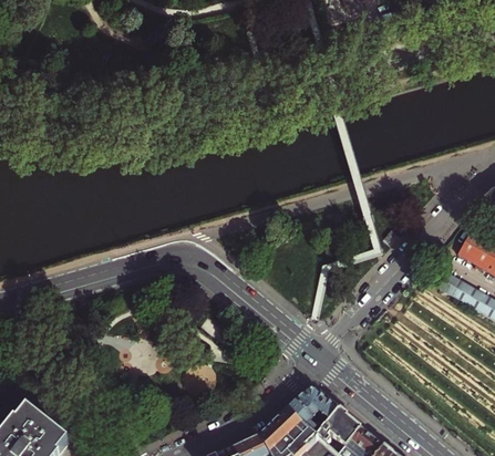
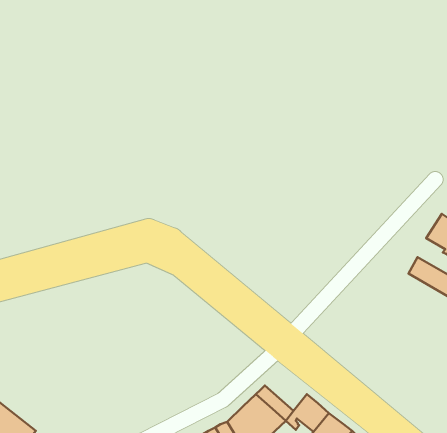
building: [296,387,338,423] -> none

